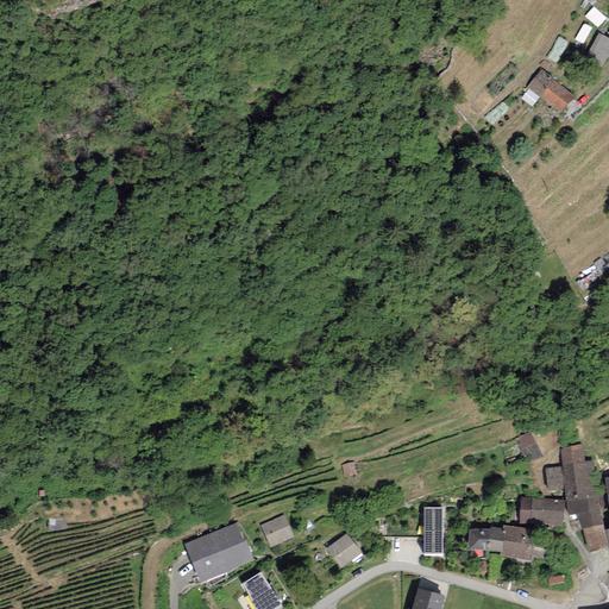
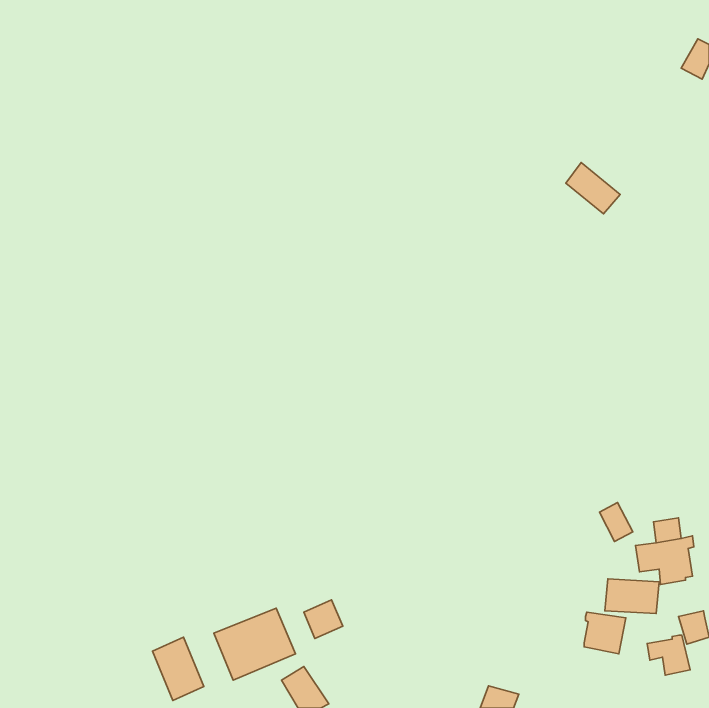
building: [528,69,575,113] -> [566,162,620,214]
building: [566,494,603,528] -> [647,635,690,675]
building: [423,507,442,553] -> none
building: [467,526,504,551] -> none
building: [326,533,362,567] -> none
building: none -> [153,637,204,700]

